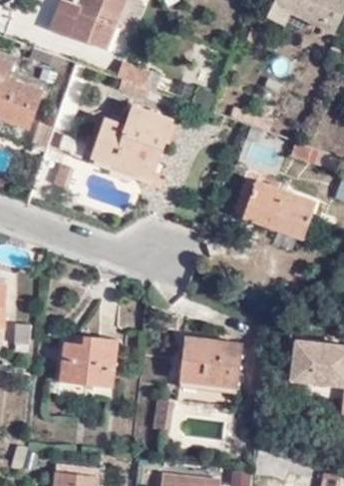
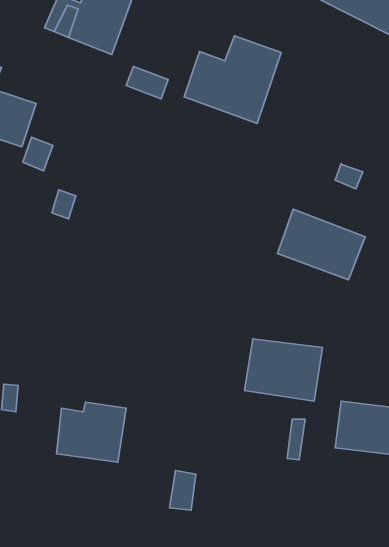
building: [92,104,174,177] -> [184,36,281,123]
building: [179,337,244,389] -> [244,339,323,401]

